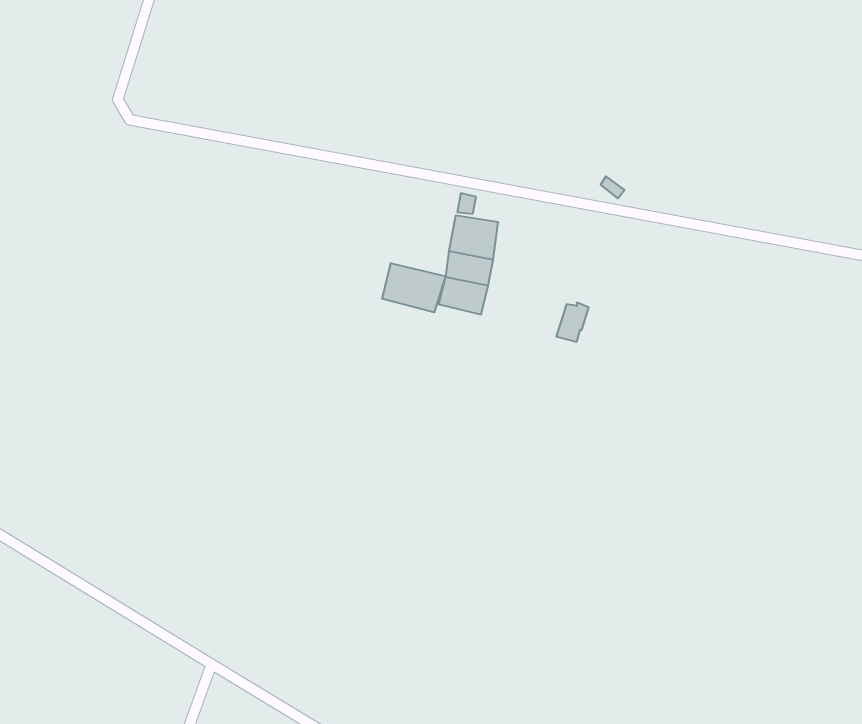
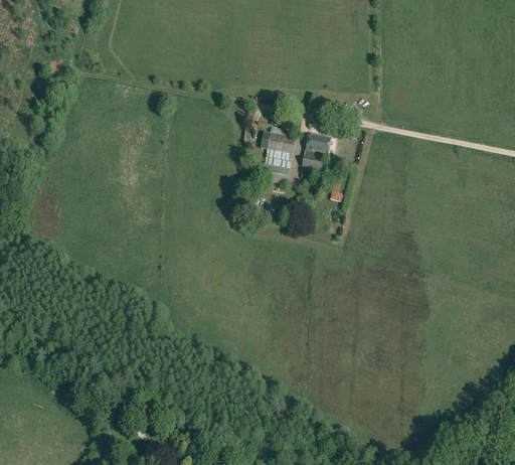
building: none -> [302,134,328,168]
building: [382,263,445,312] -> none

